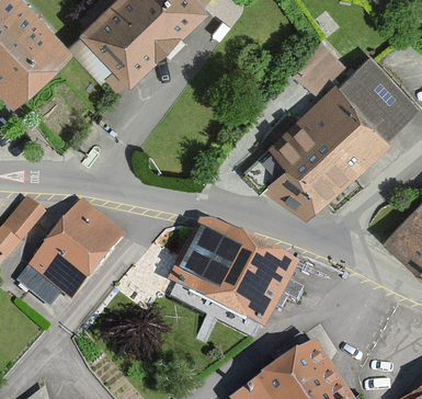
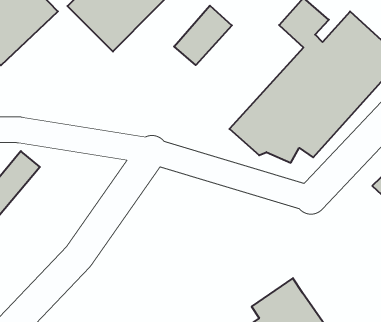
building: none -> [174,6,232,65]
building: [19,200,126,305] -> none
building: [168,221,298,322] -> none

